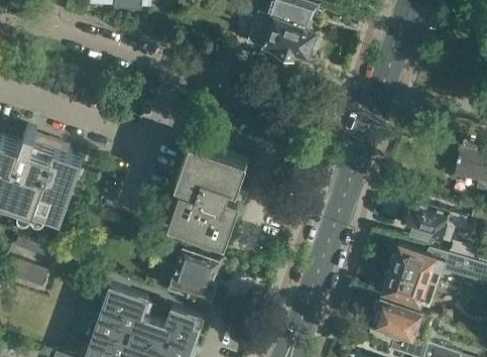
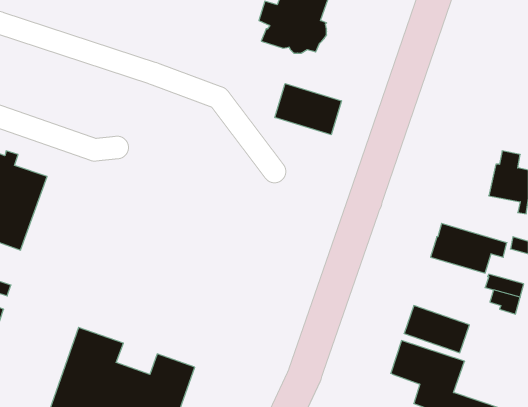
building: none -> [275,84,341,135]
building: [167,139,248,247] -> none
building: [387,244,443,284] -> none
building: [154,250,220,305] -> none

